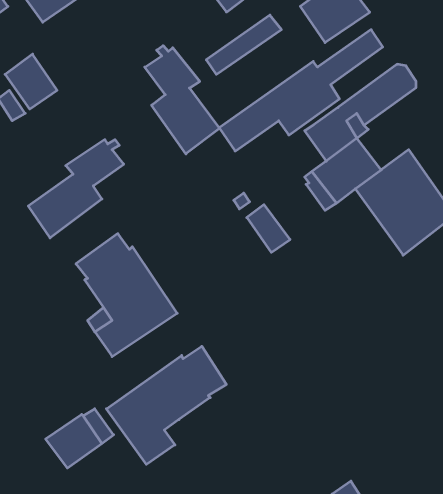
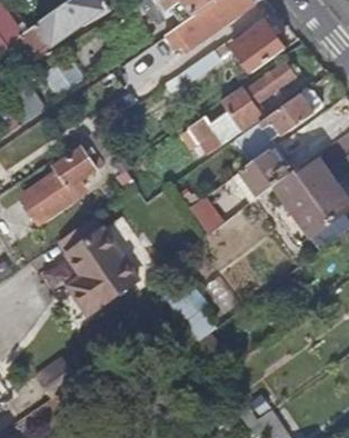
building: [145,46,220,154] -> none
building: [106,346,226,464] -> none

